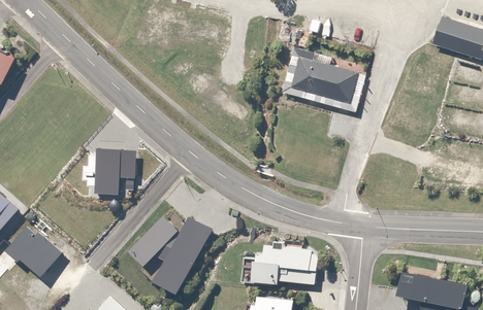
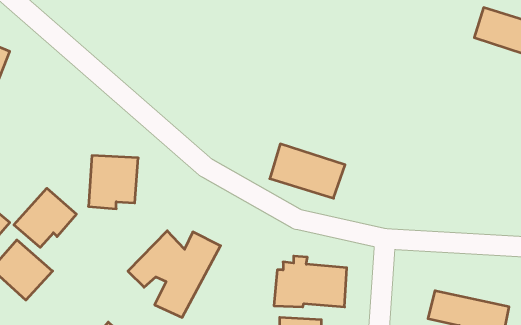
building: [292,56,359,104] -> [270,144,345,198]
building: none -> [14,188,76,247]

